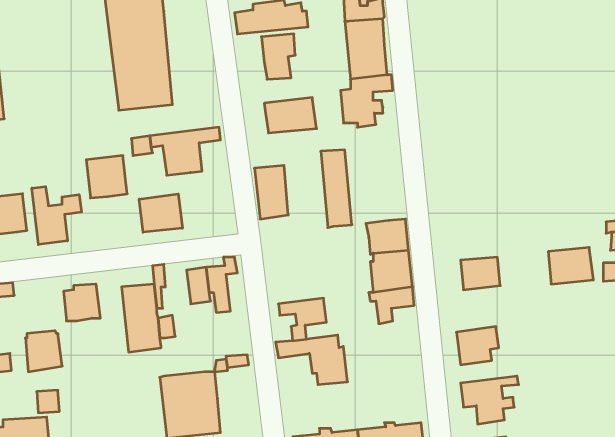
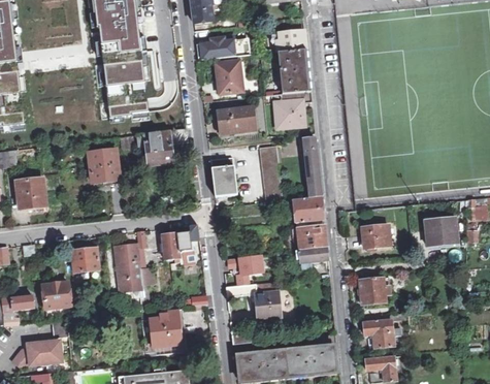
building: none -> [298,137,321,197]
building: [32,187,81,245] -> none
building: [139,194,182,232] -> none

